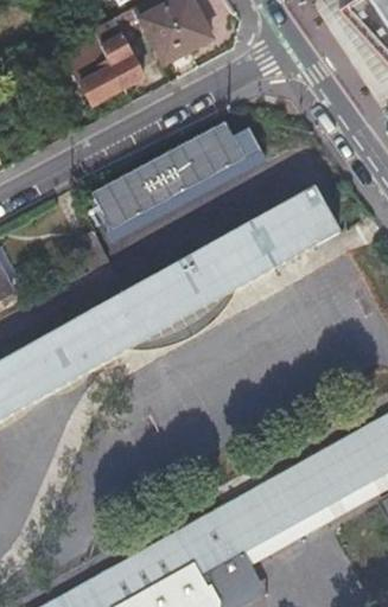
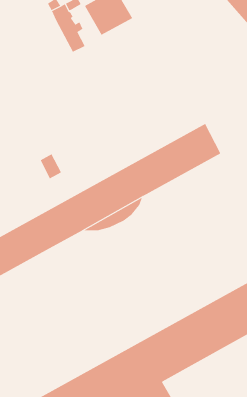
building: [65,40,122,106] -> none
building: [93,120,265,243] -> none

